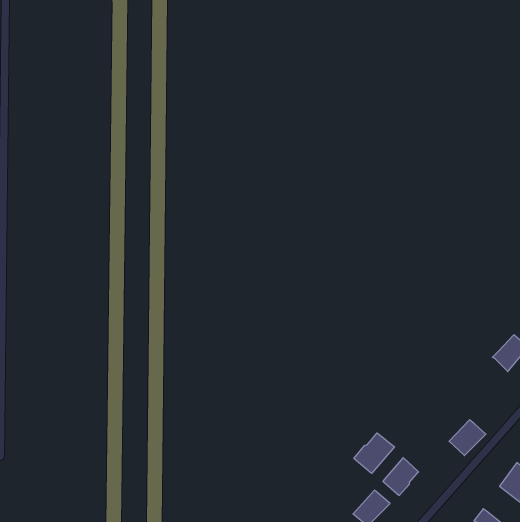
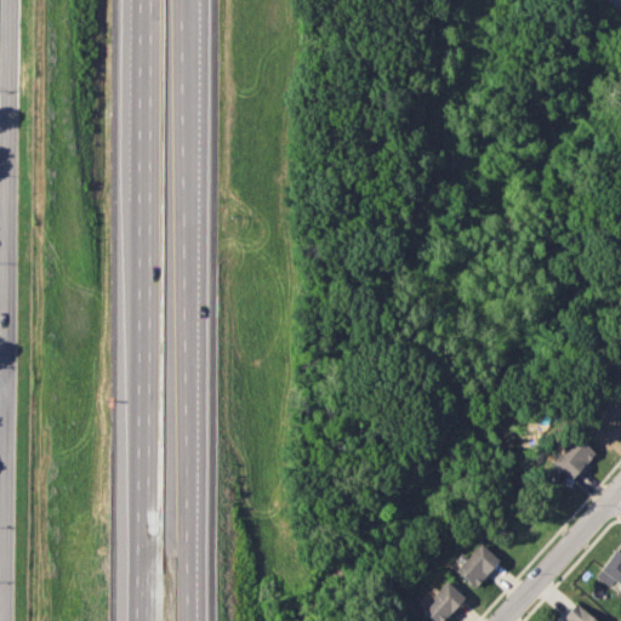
building: [449,420,486,456] -> [553,437,597,479]
building: [354,433,395,473] -> none

